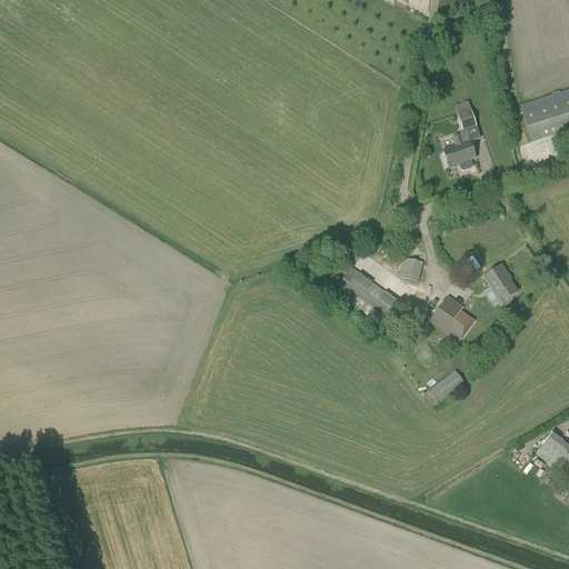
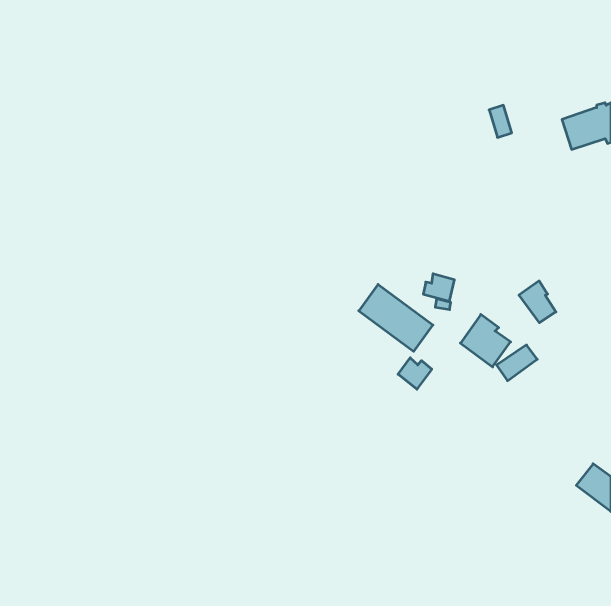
building: [442,129,476,168] -> none
building: none -> [398,358,432,389]
building: [427,368,465,401] -> [497,345,537,381]

